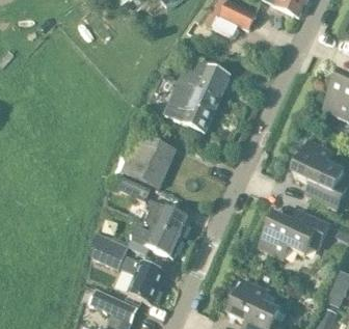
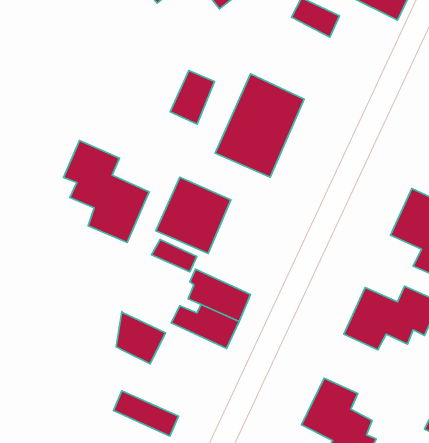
building: none -> [170,70,214,124]
building: none -> [64,140,149,243]
building: [122,255,165,303] -> none

